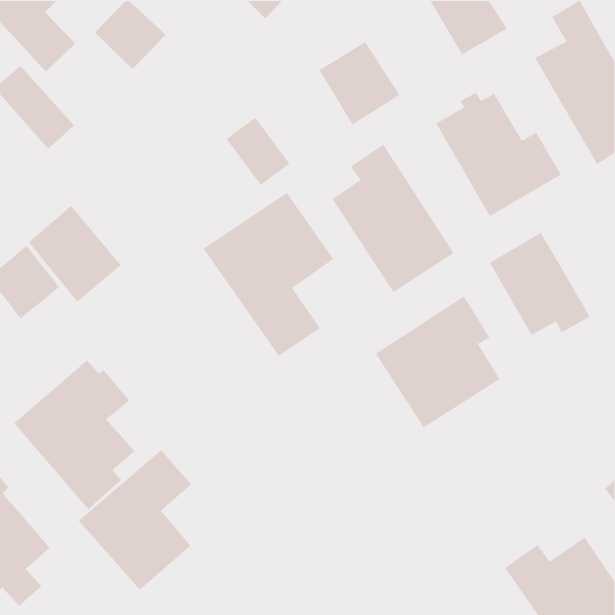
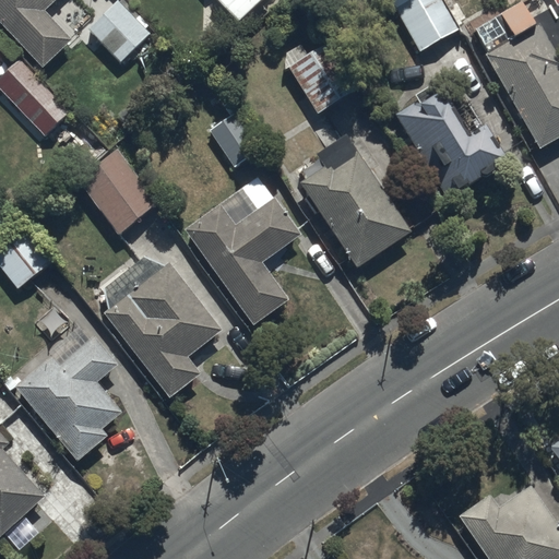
building: [28,205,122,302] -> [73,147,158,236]
building: [489,232,591,336] -> none
building: none -> [104,261,222,397]
building: [375,296,501,429] -> none
building: [78,449,192,590] -> none

